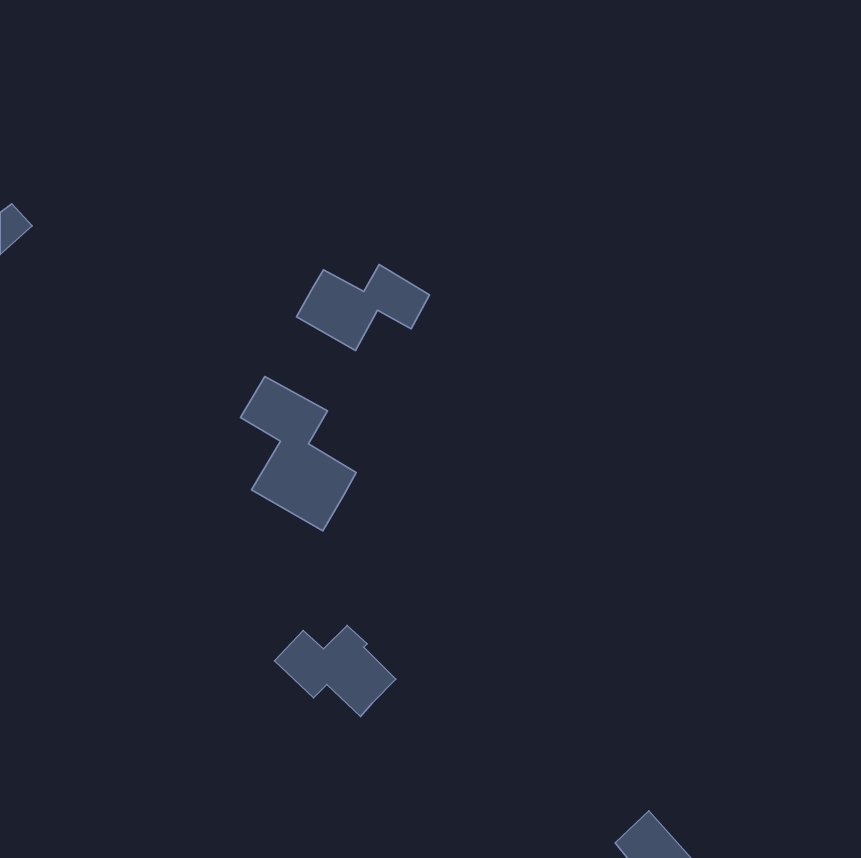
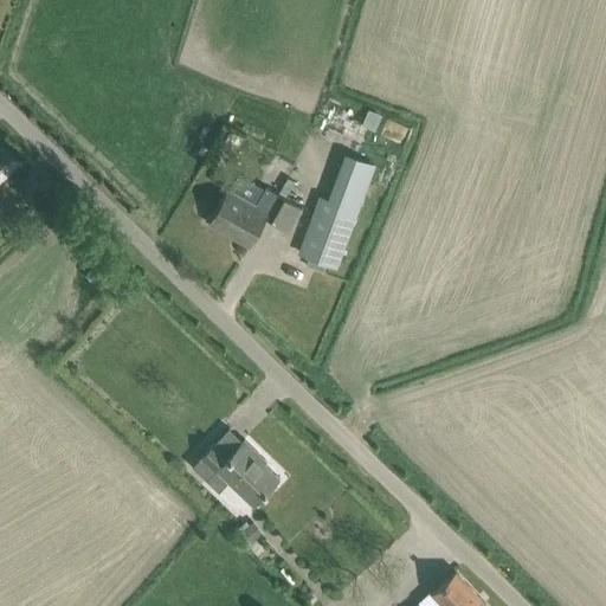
building: none -> [299,160,373,267]
building: [241,377,356,531] -> none

